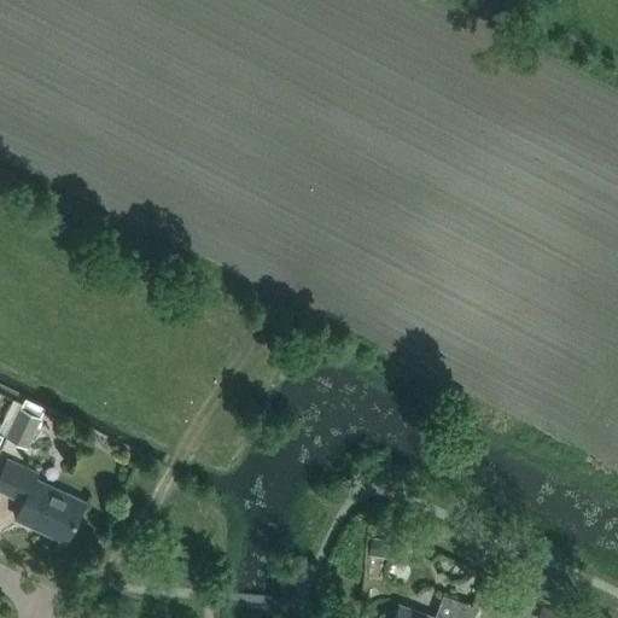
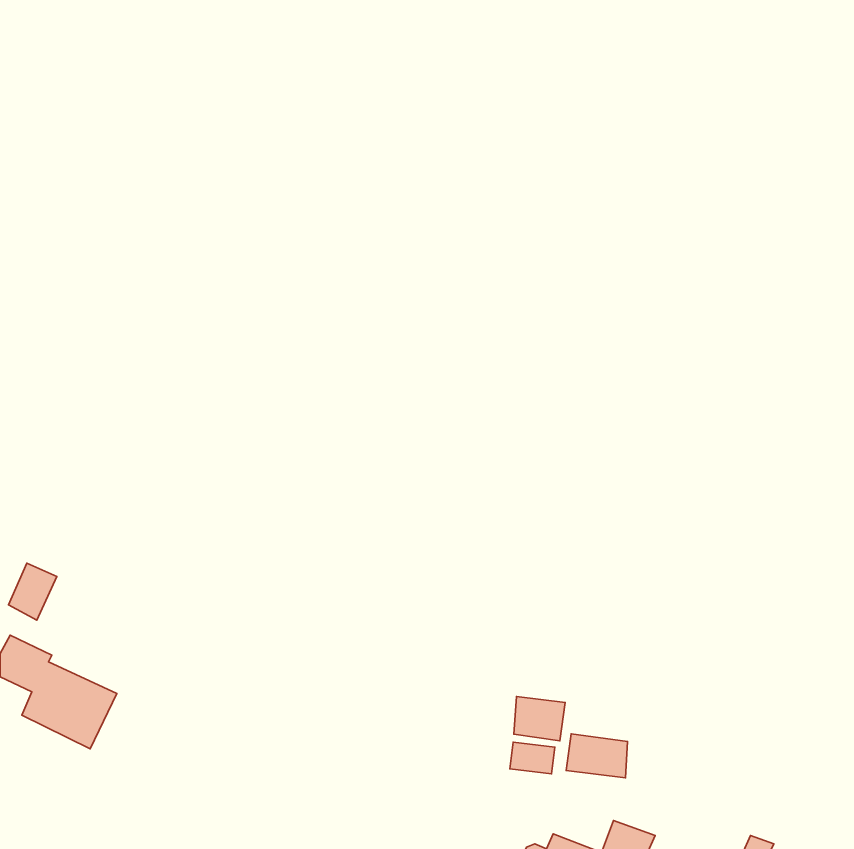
building: none -> [514,697,565,741]
building: none -> [566,734,628,778]

